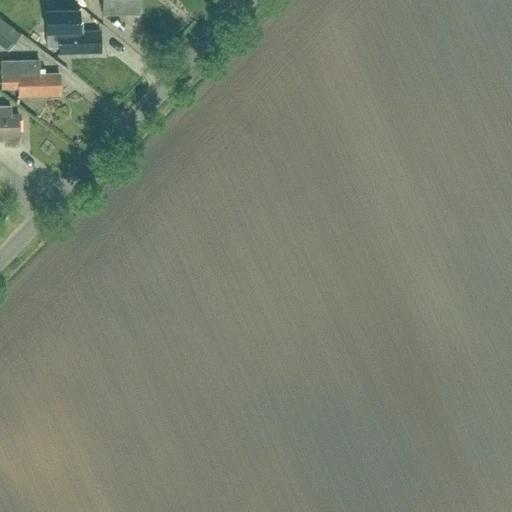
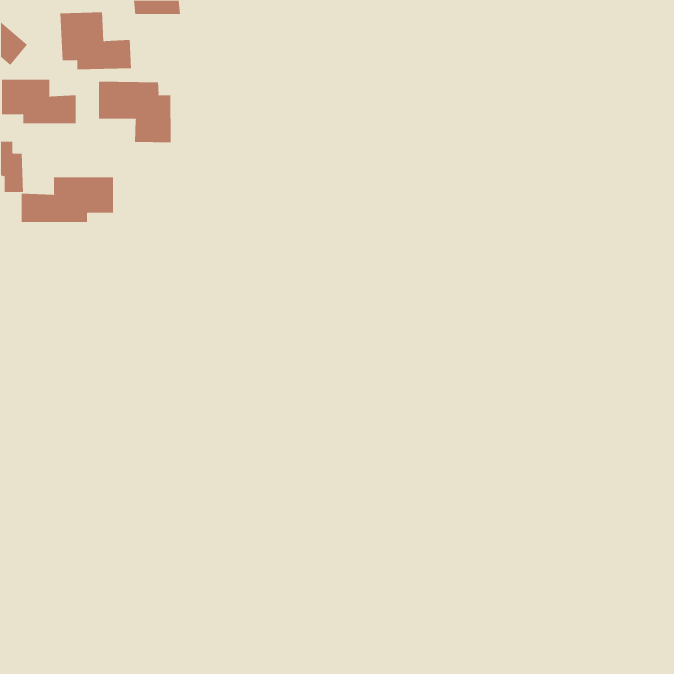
building: none -> [98,81,171,143]
building: none -> [21,177,113,223]

